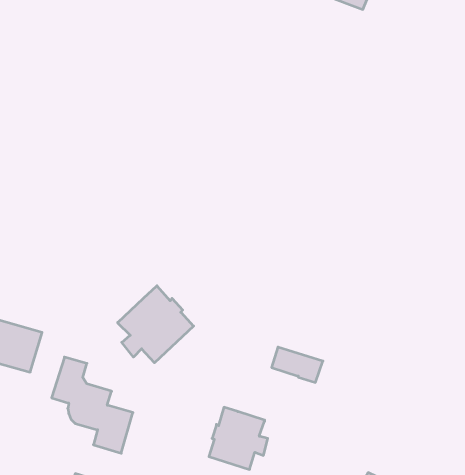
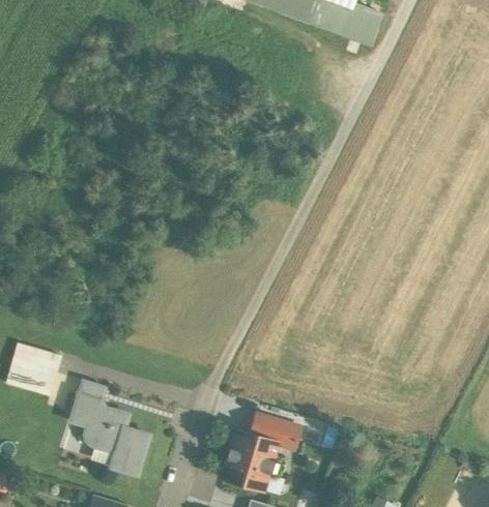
building: [118,286,194,363] -> none
building: [272,347,323,382] -> [251,413,300,447]

